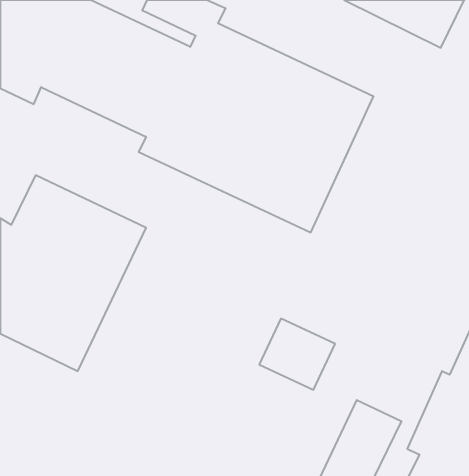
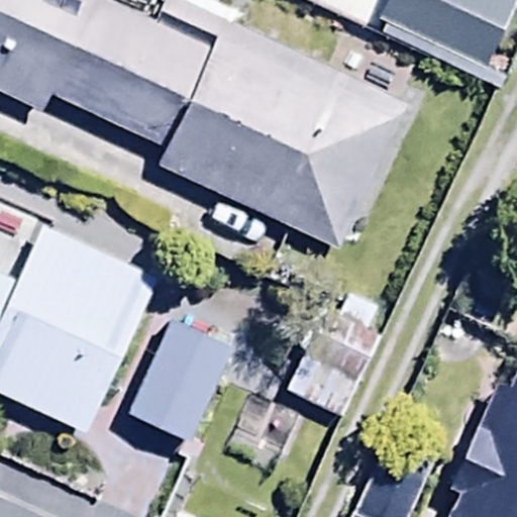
building: none -> [129,293,235,416]

